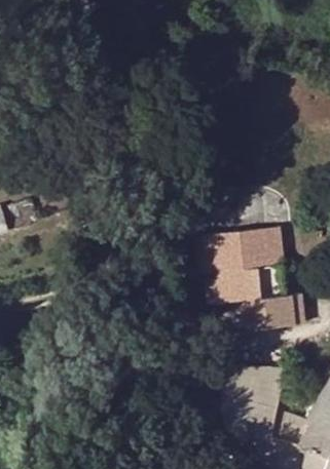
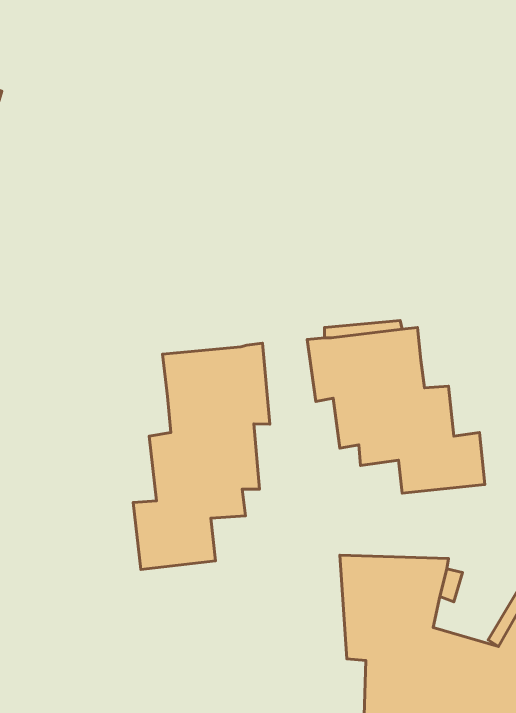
building: none -> [133,343,270,569]

